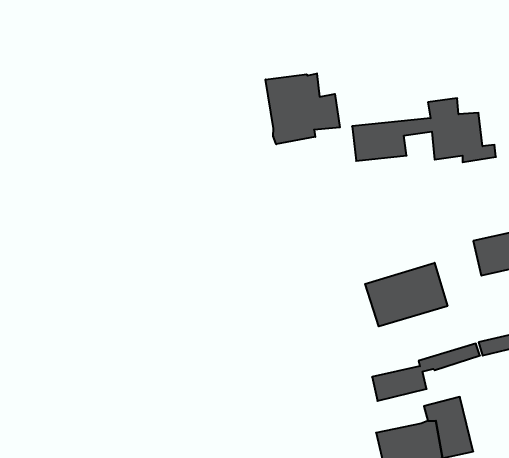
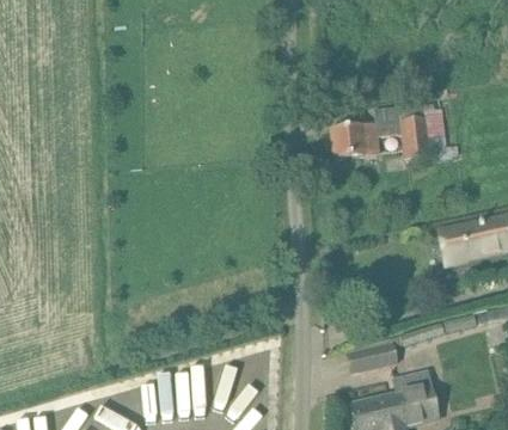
building: [266,73,340,144] -> none
building: [365,263,447,326] -> none

